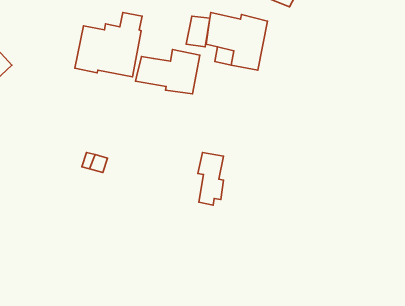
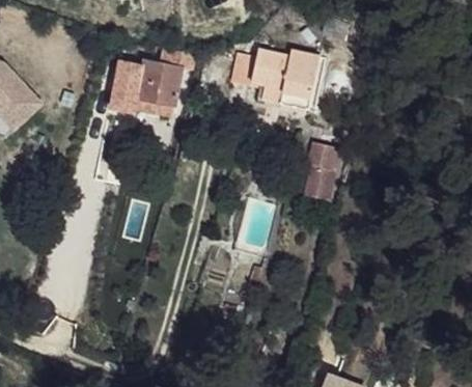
building: [135,50,200,94] -> none
building: [198,152,224,205] -> [305,141,333,198]

